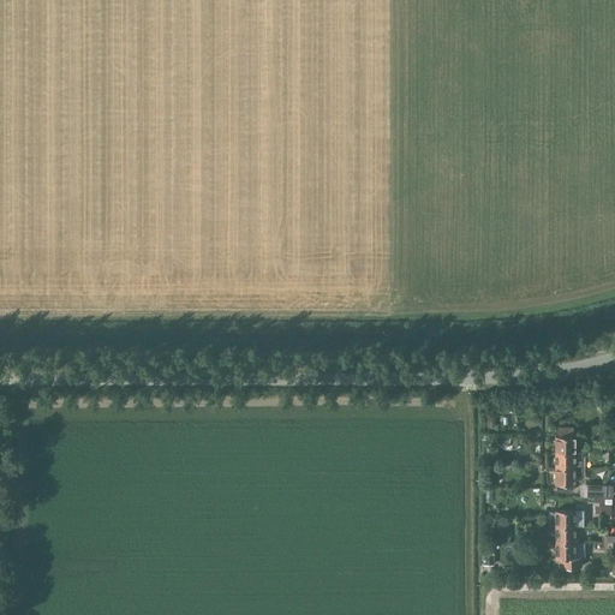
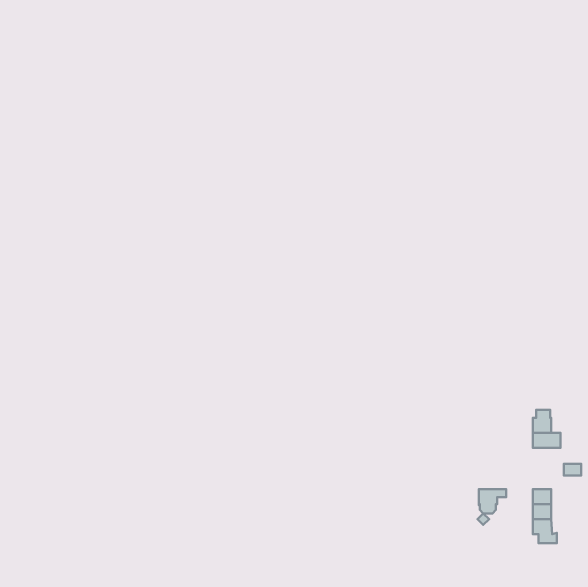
building: [556,468,585,494] -> [479,489,506,513]

